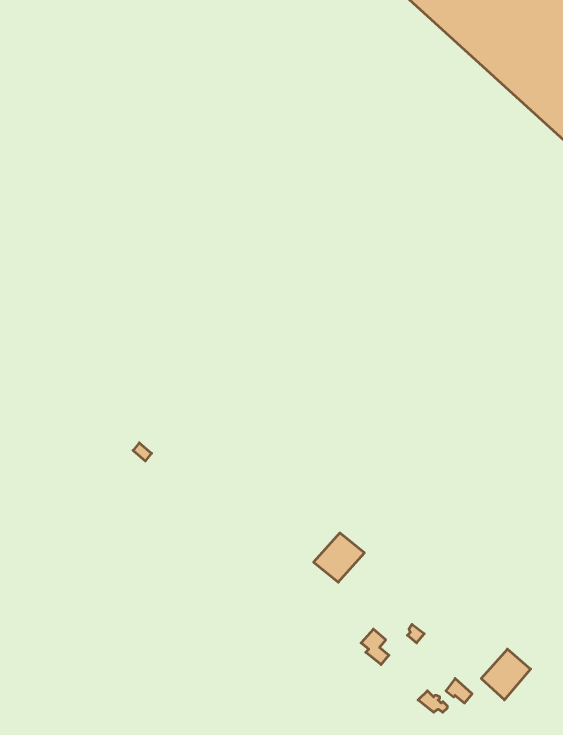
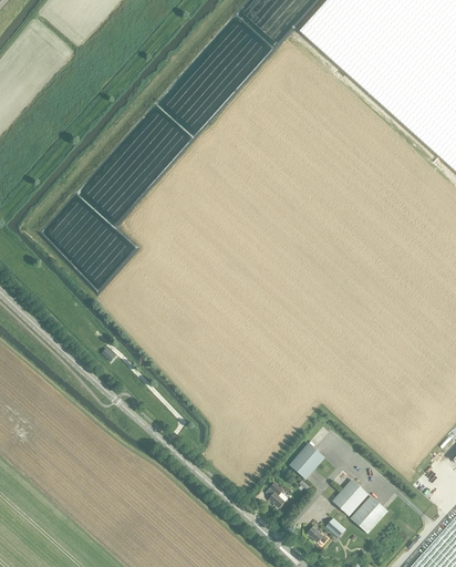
building: [314,533,364,582] -> [291,443,328,478]
building: none -> [334,480,371,516]

